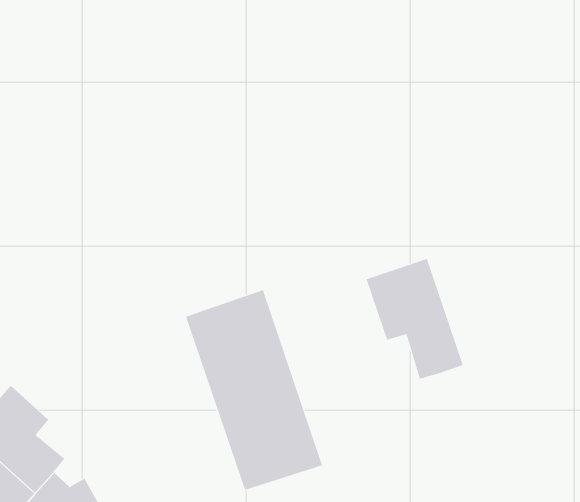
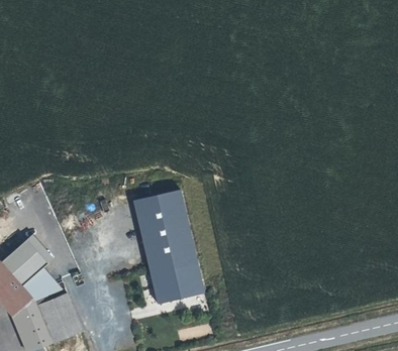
building: [366,258,463,380] -> none

